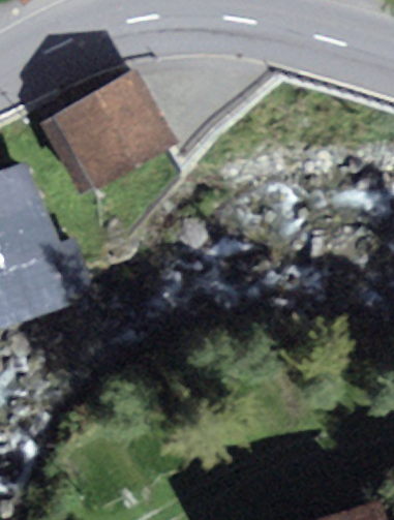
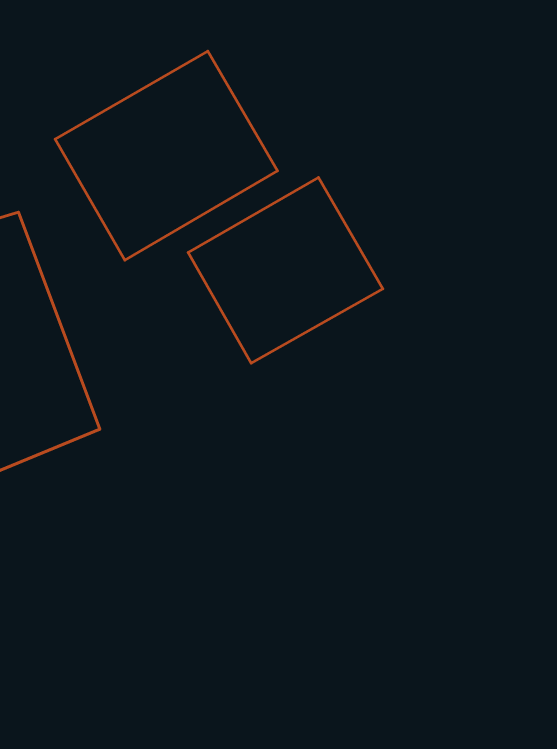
building: none -> [188,177,383,363]

